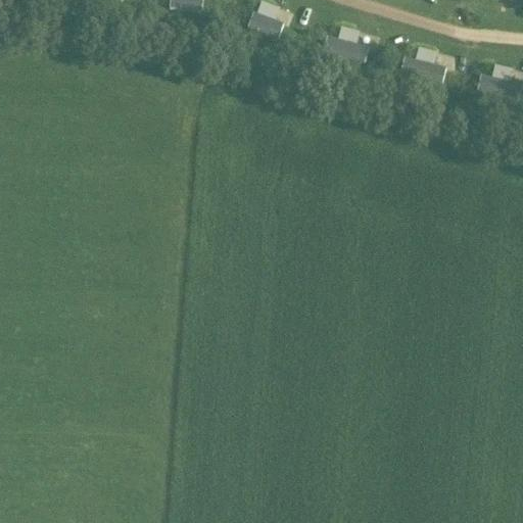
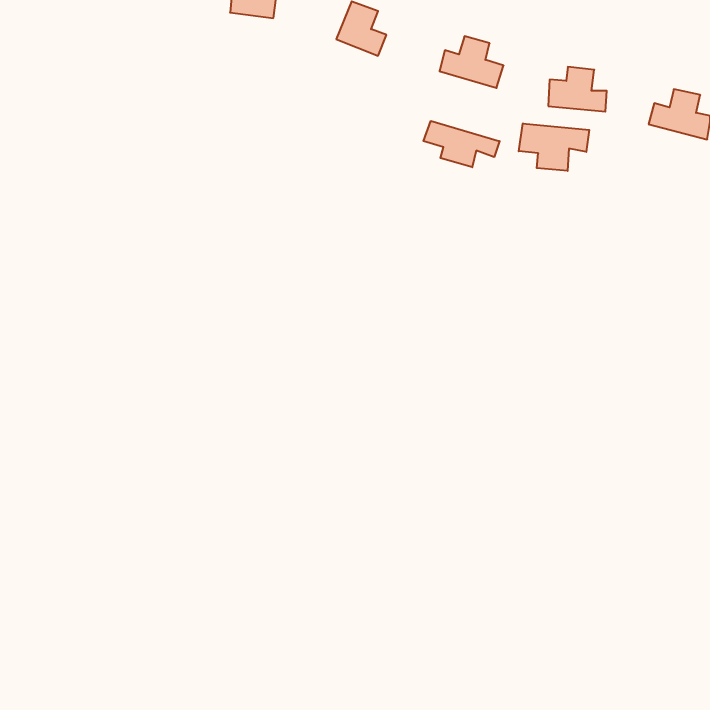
building: none -> [423,121,500,167]
building: none -> [519,123,589,171]

